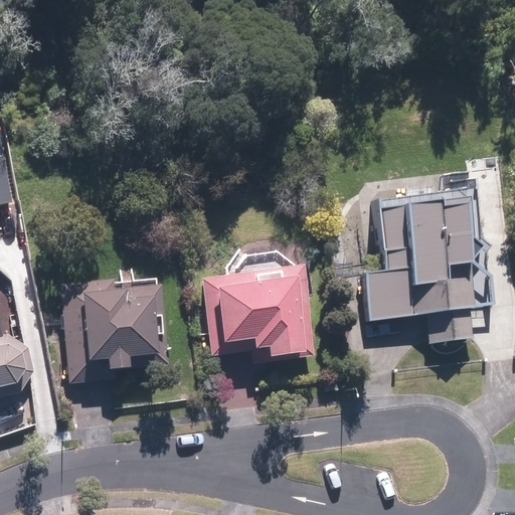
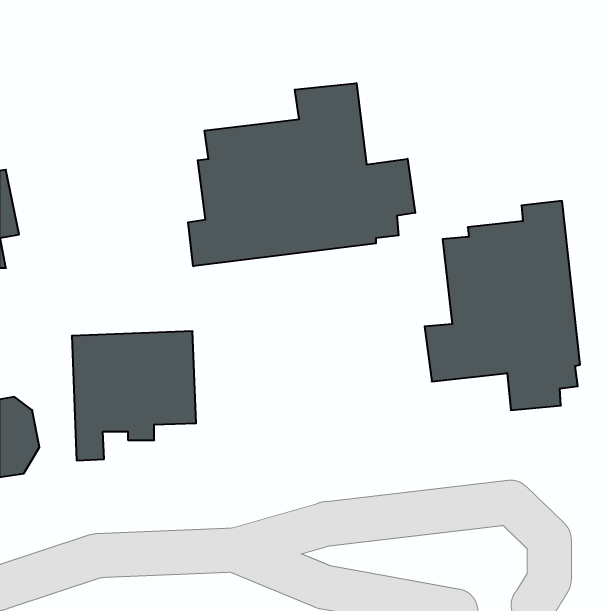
building: none -> [188,83,415,266]
building: [202,252,313,359] -> none

